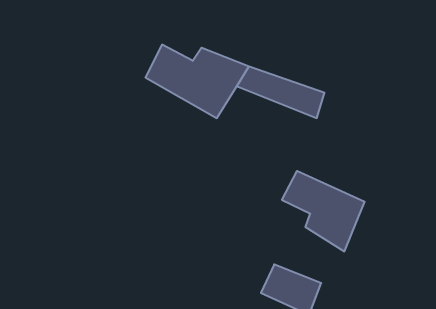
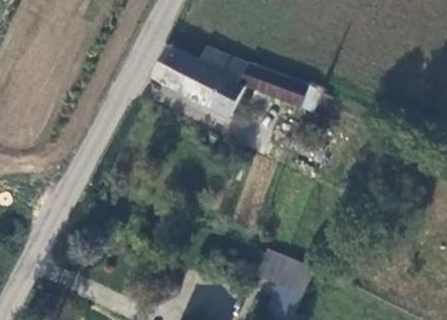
building: [282,171,365,252] -> none

